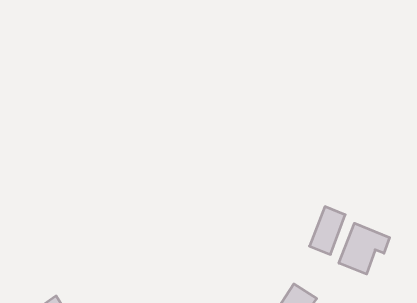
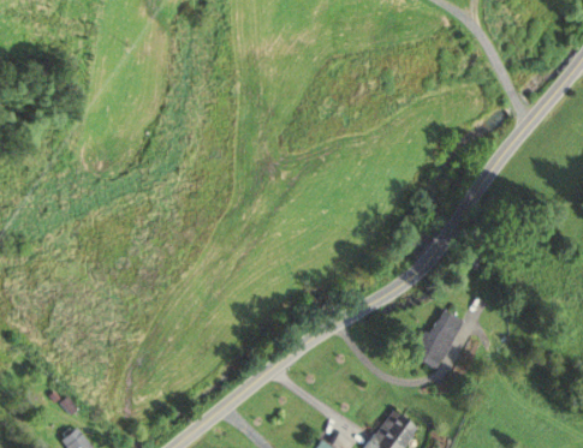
building: [339,223,390,274] -> none

